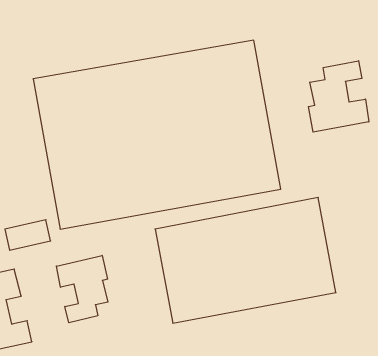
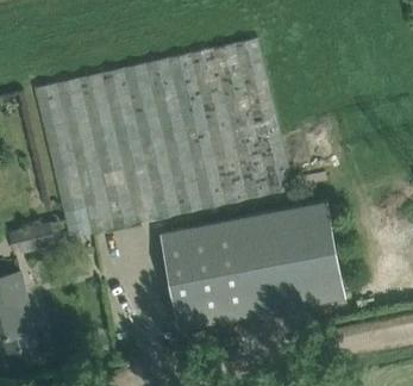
building: [308,61,369,132] -> none
building: [56,255,108,323] -> none

